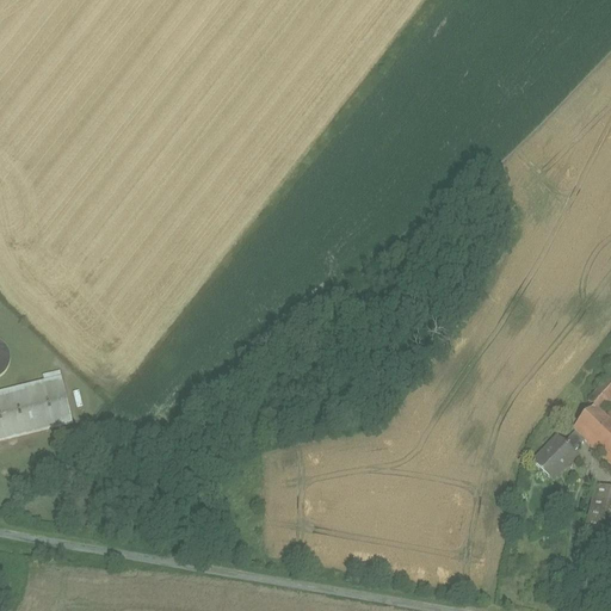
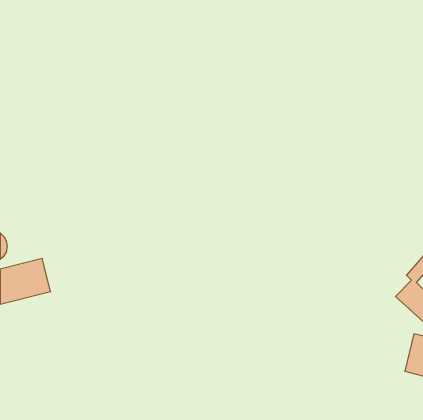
building: [533,431,581,479] -> none

